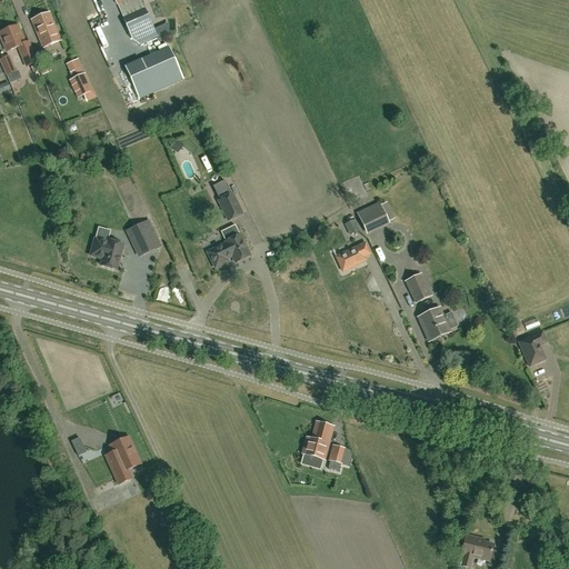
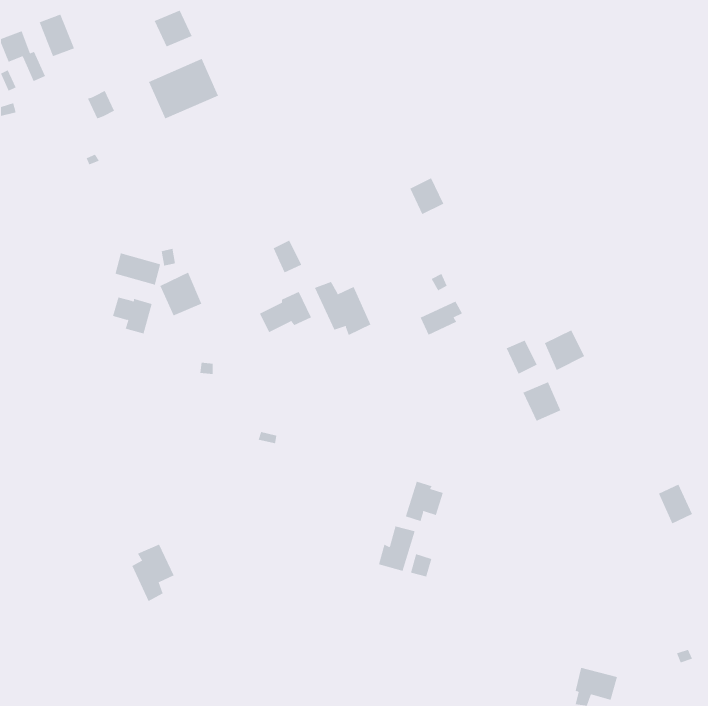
building: [359,199,387,229] -> [409,177,444,215]
building: none -> [115,252,161,286]
building: none -> [314,281,371,336]
building: none -> [544,330,585,371]
building: [518,333,546,366] -> [658,484,693,524]
building: none -> [405,481,443,522]

